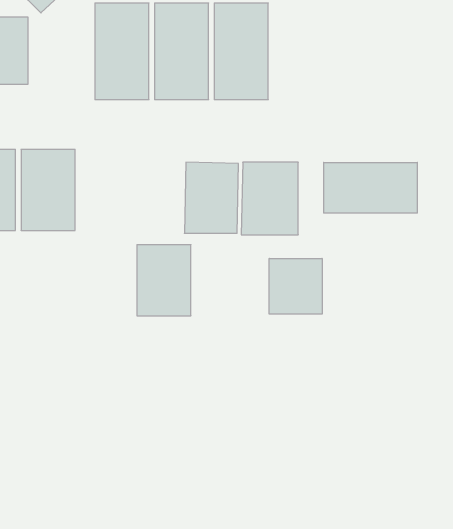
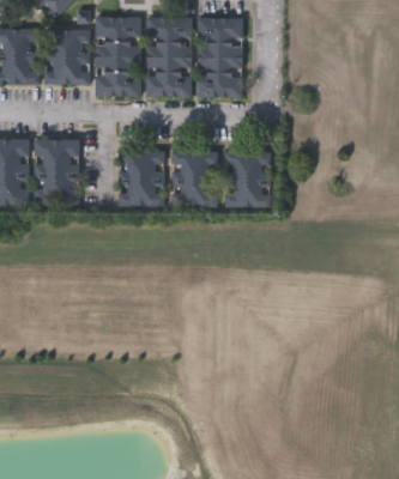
building: none -> [44,28,91,84]
building: [324,162,417,213] -> none
building: [137,245,191,316] -> [119,148,164,208]
building: [269,258,322,314] -> none

